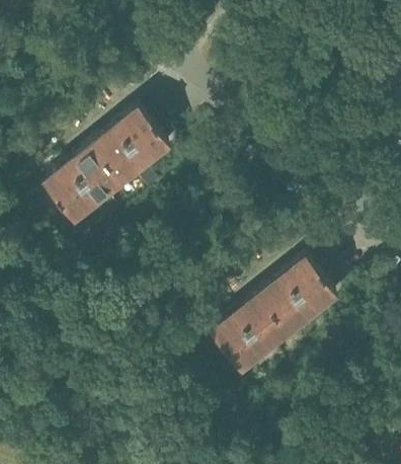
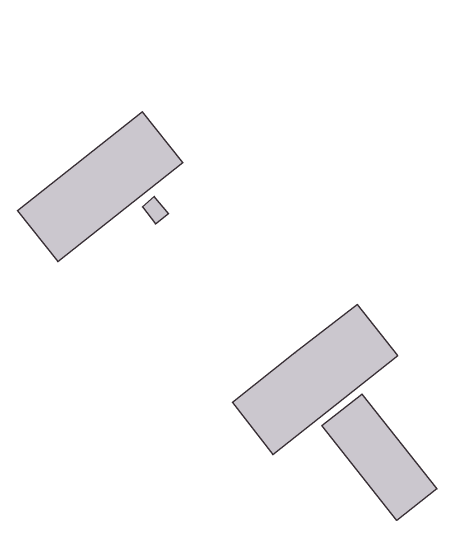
building: none -> [322,394,437,520]

